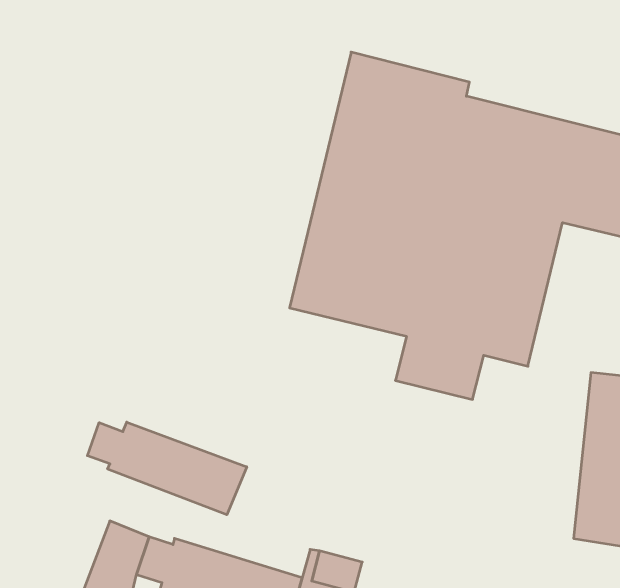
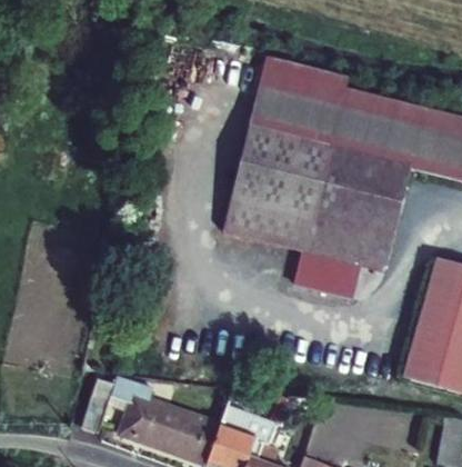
building: [87,422,247,515] -> none

